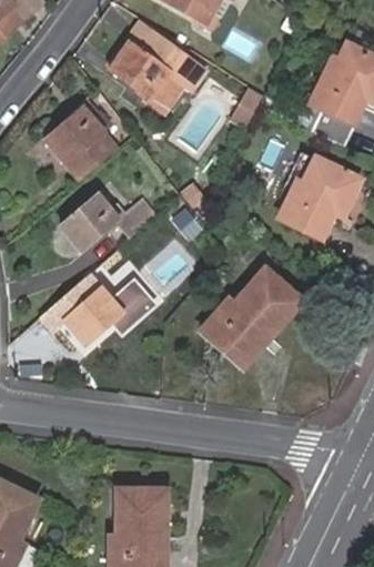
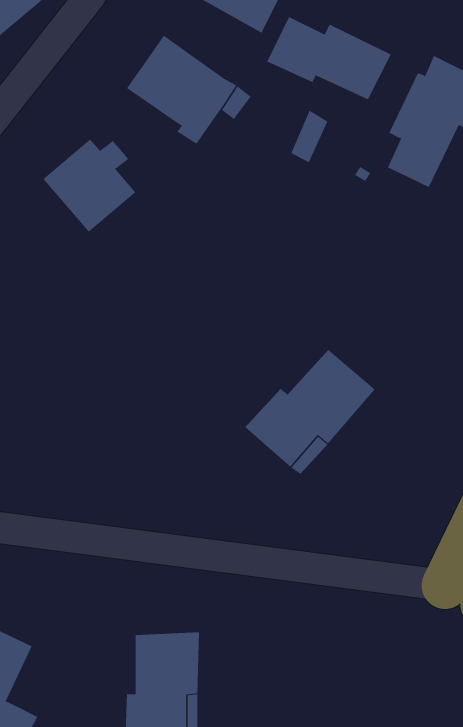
building: none -> [267,16,392,100]
building: [280,158,361,239] -> none
building: [60,191,155,249] -> none
building: [63,264,152,345] -> none

